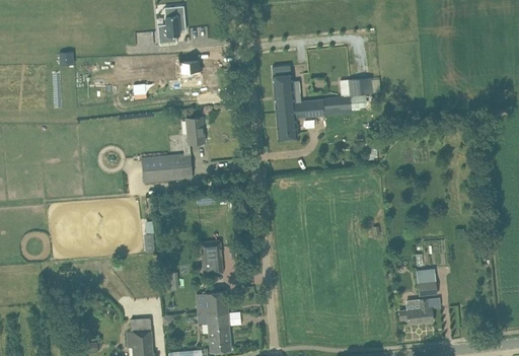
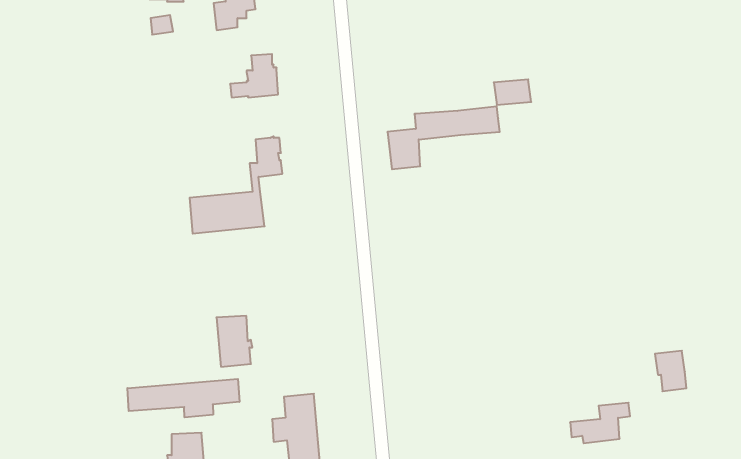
building: [272,66,300,114] -> none
building: [200,241,224,276] -> [216,316,252,367]
building: [416,268,437,295] -> [655,351,686,391]
building: none -> [127,379,239,417]

